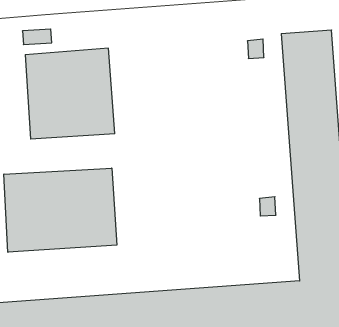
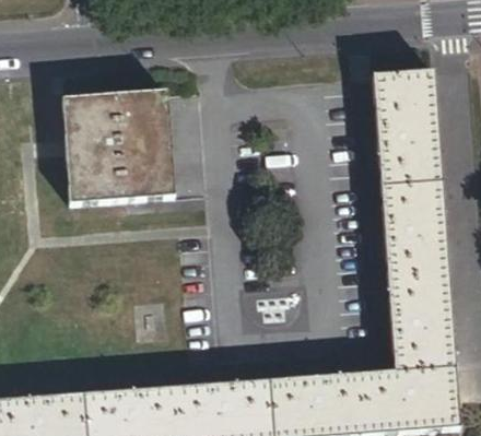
building: [4,168,117,252] -> none

